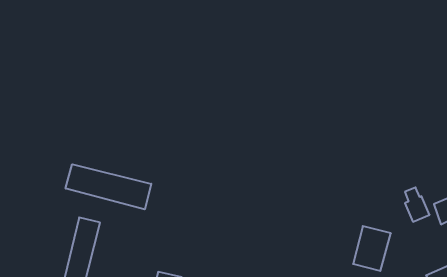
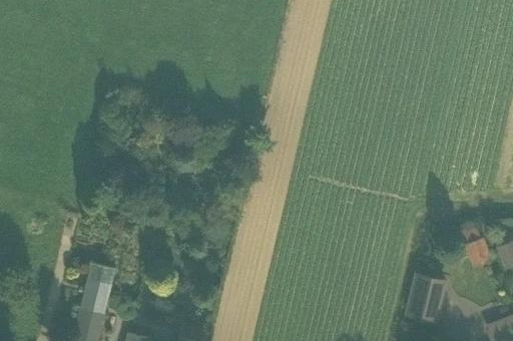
building: [66,164,151,209] -> none

